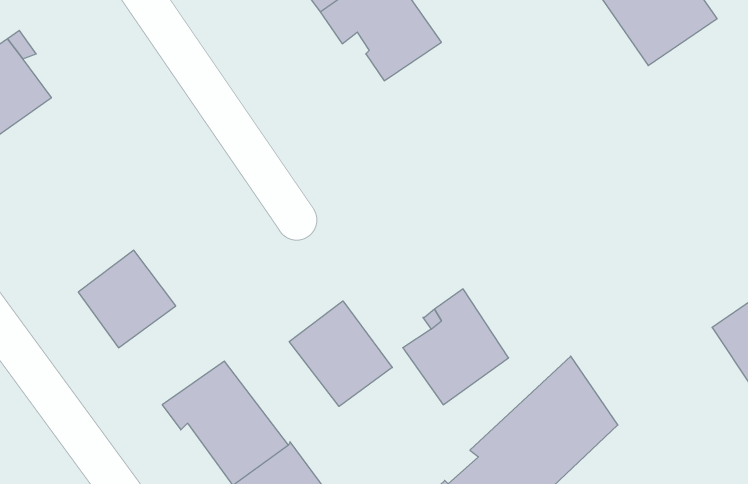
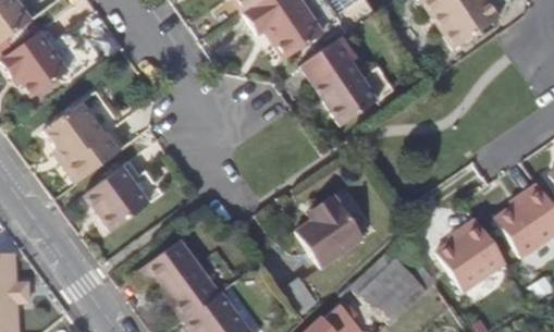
building: none -> [300,36,377,123]
building: none -> [45,102,121,182]
building: [289,301,392,406] -> none
building: none -> [432,218,507,294]

